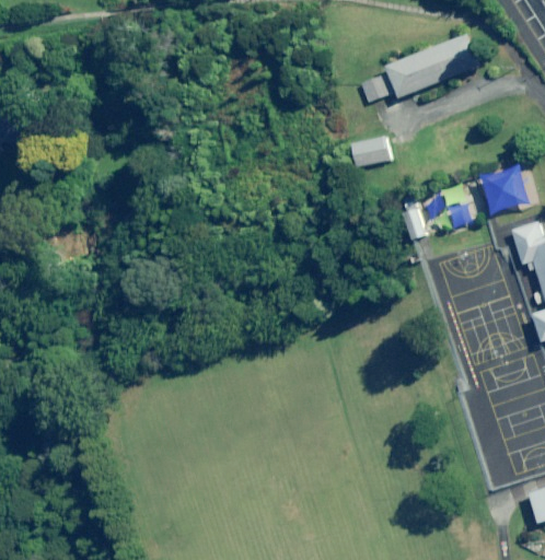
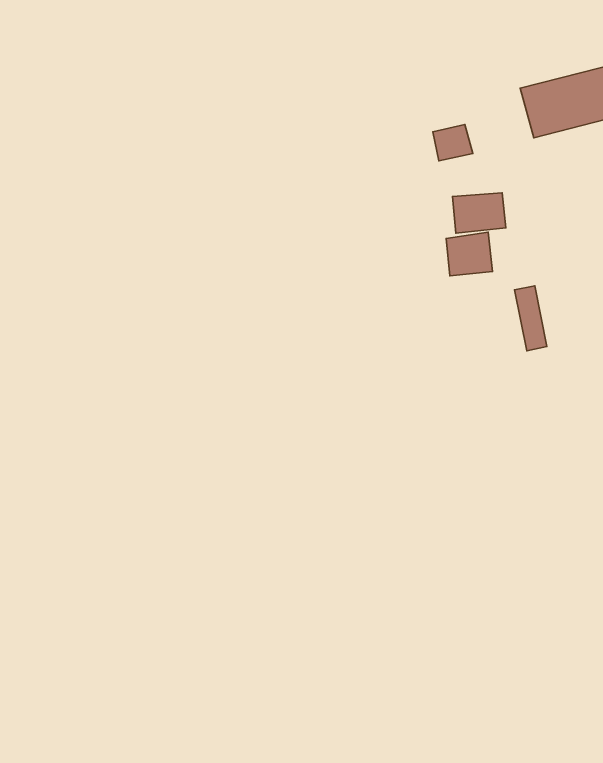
building: [361,75,390,102] -> [433,124,473,161]
building: none -> [446,232,493,276]

